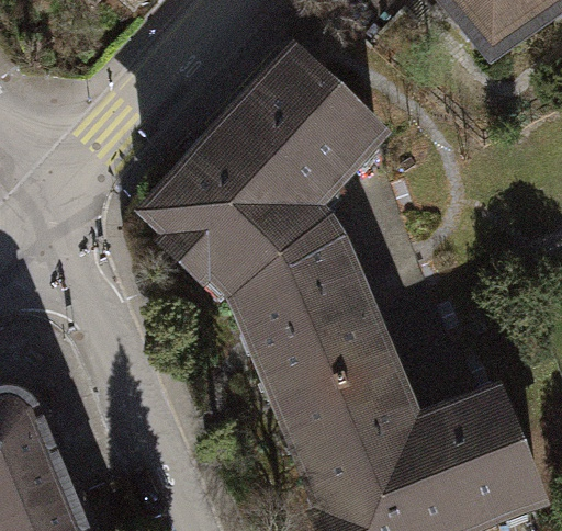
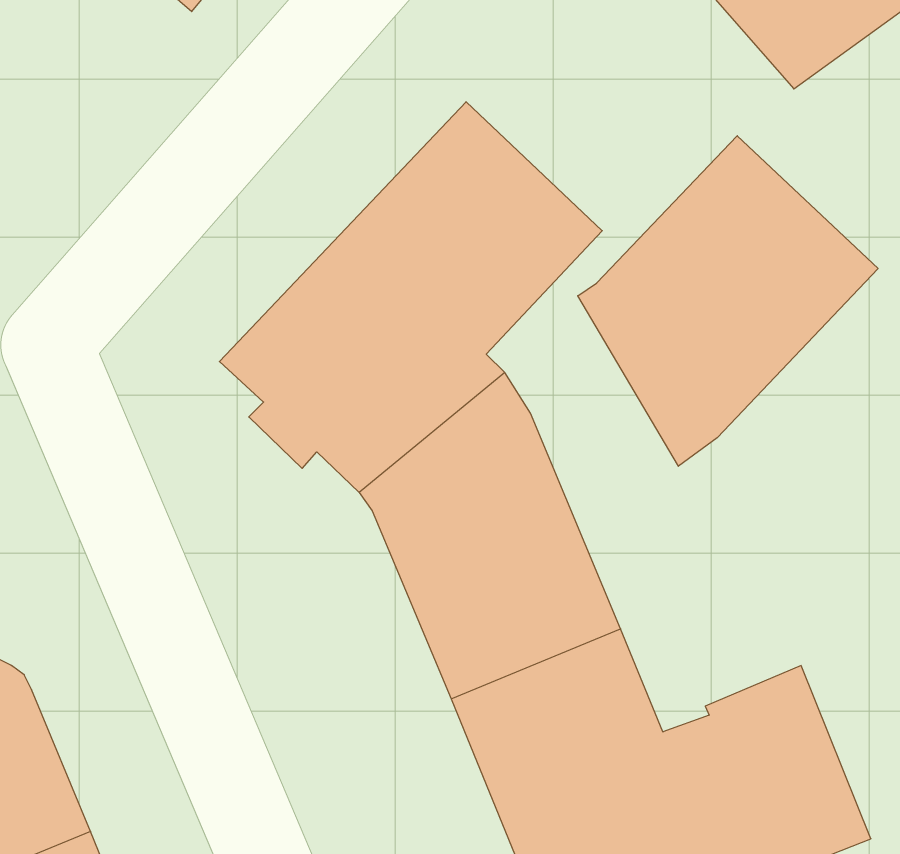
building: none -> [578,136,878,466]

